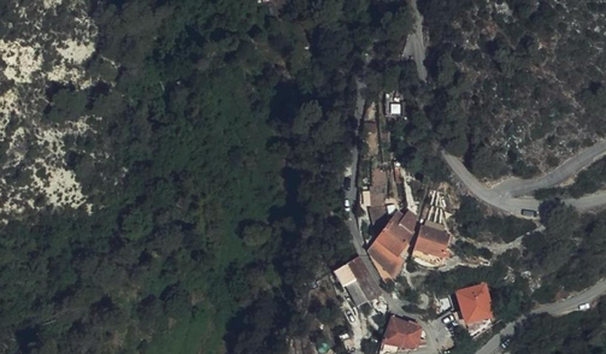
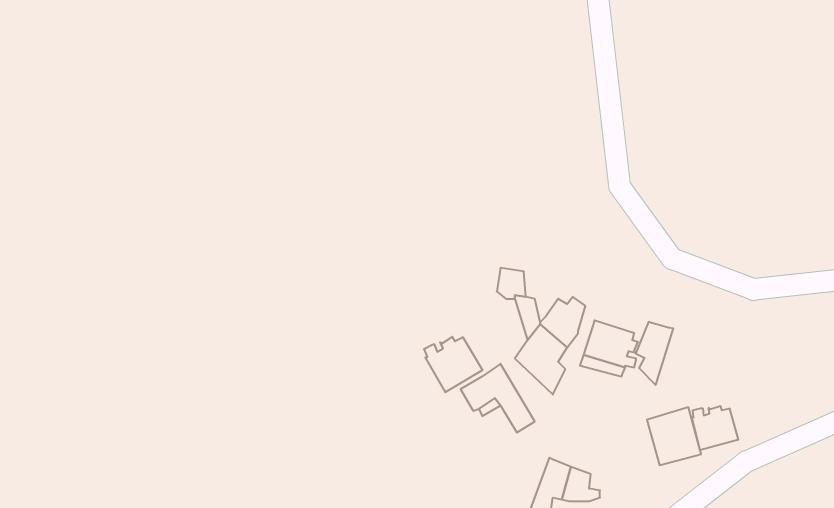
building: none -> [636,322,673,385]
building: none -> [424,337,482,392]
building: none -> [692,406,738,450]

